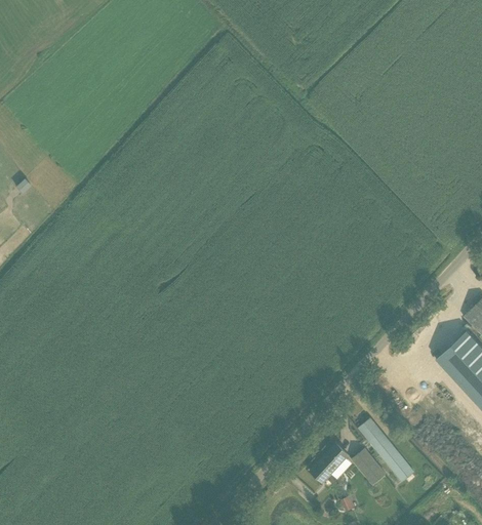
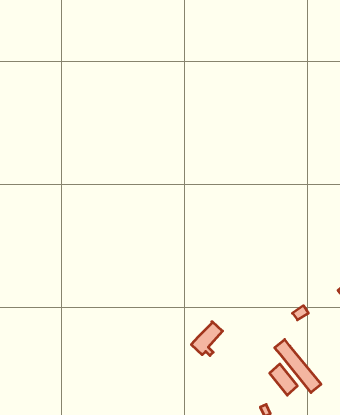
building: [310,443,348,484] -> [191,322,223,356]

